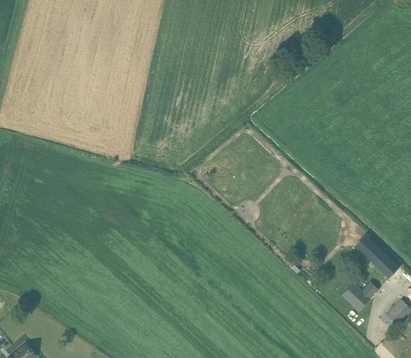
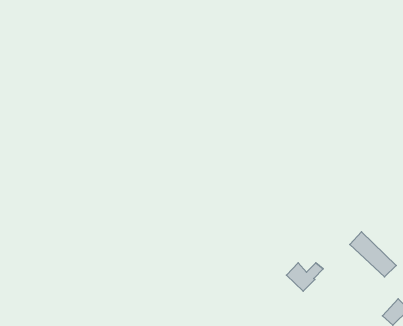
building: [342,283,377,310] -> [286,263,323,291]

